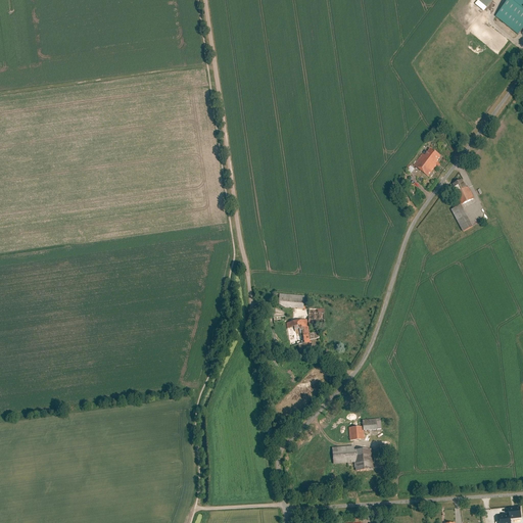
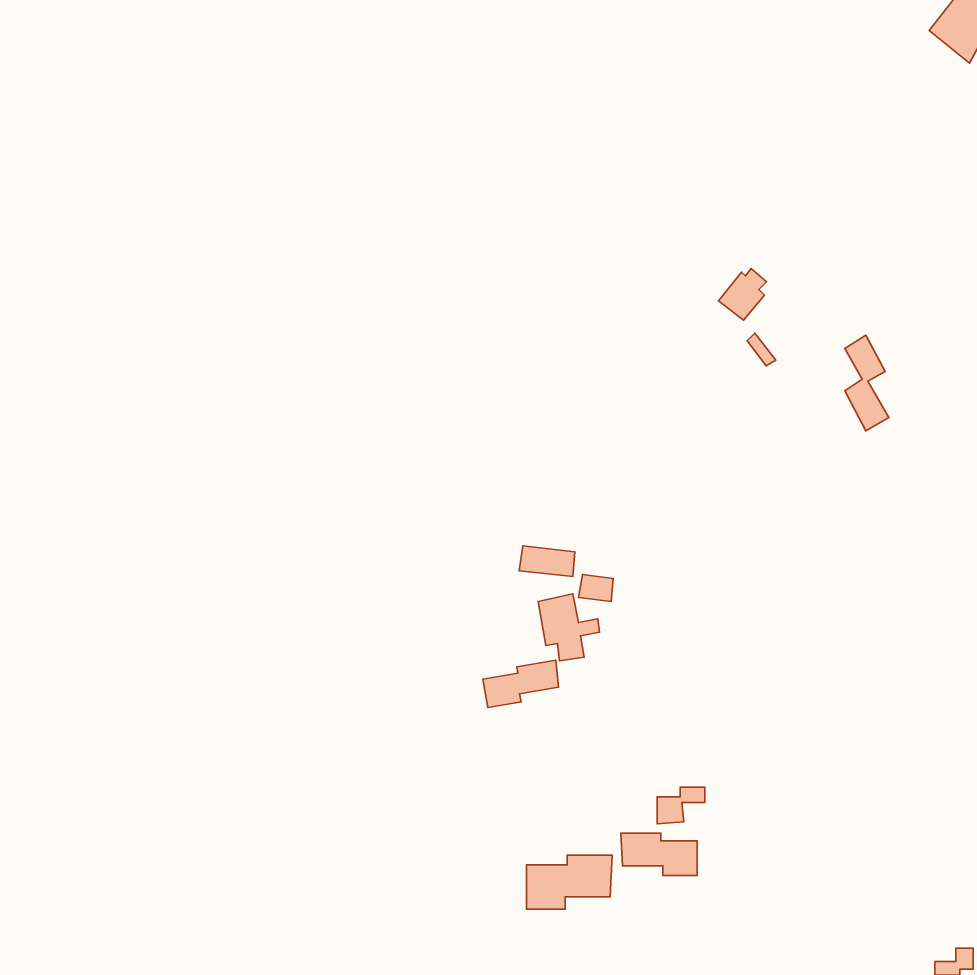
building: [415,148,440,176] -> [719,268,766,320]
building: none -> [483,660,559,708]
building: none -> [527,855,612,909]

